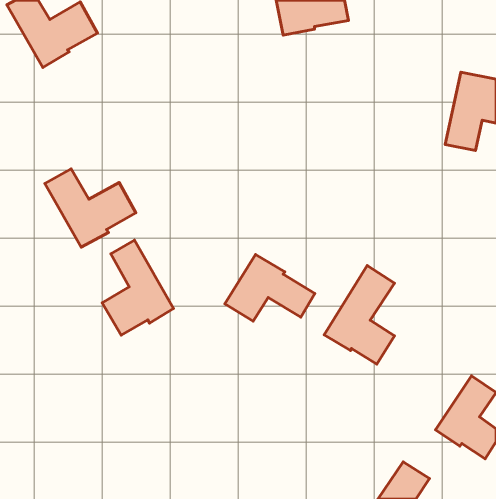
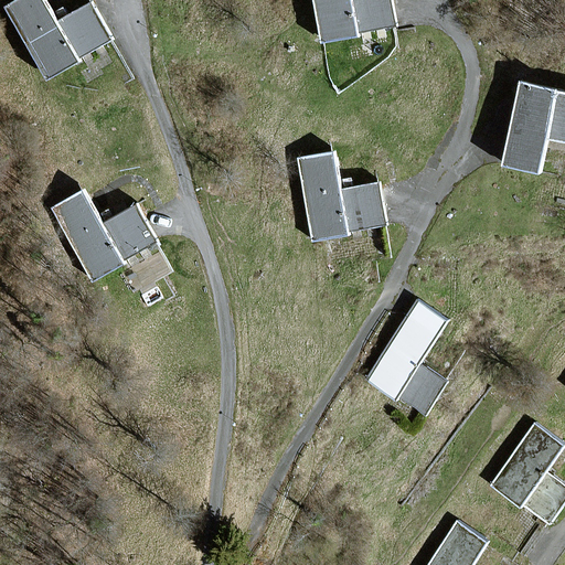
building: none -> [298,152,385,238]
building: [102,240,174,335] -> none
building: [225,254,315,321] -> none

